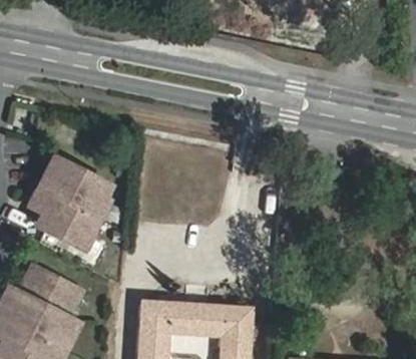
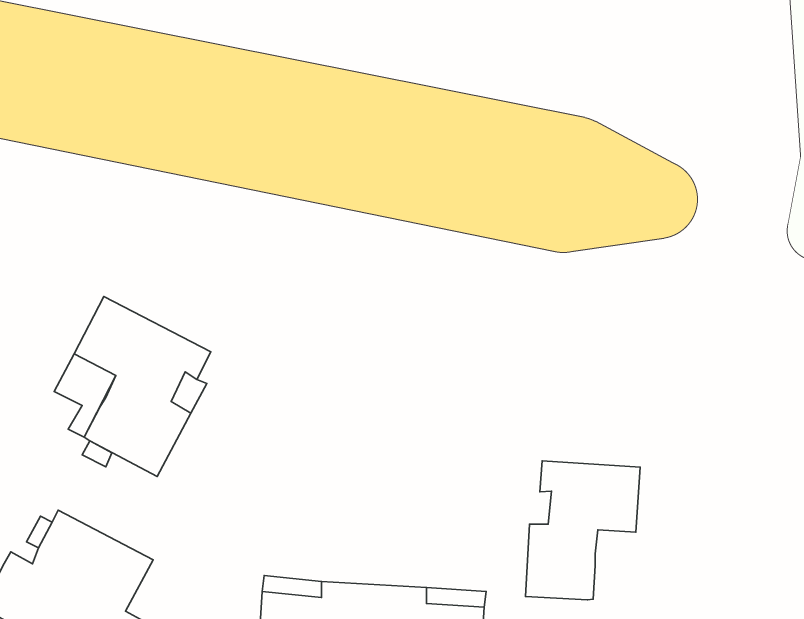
building: none -> [525,461,640,600]

